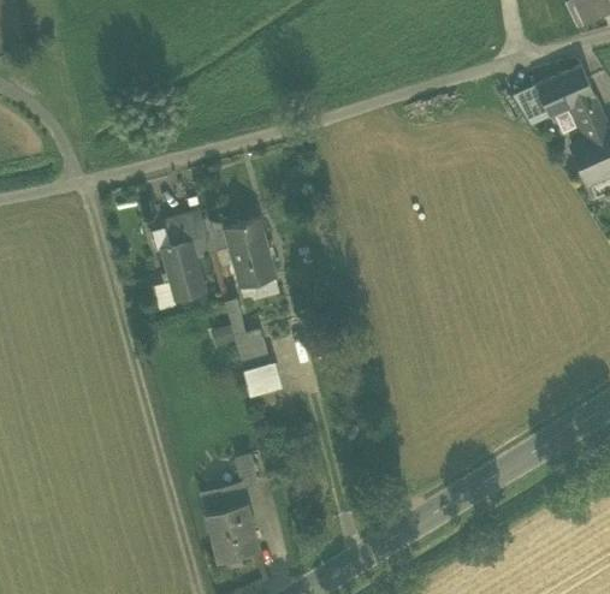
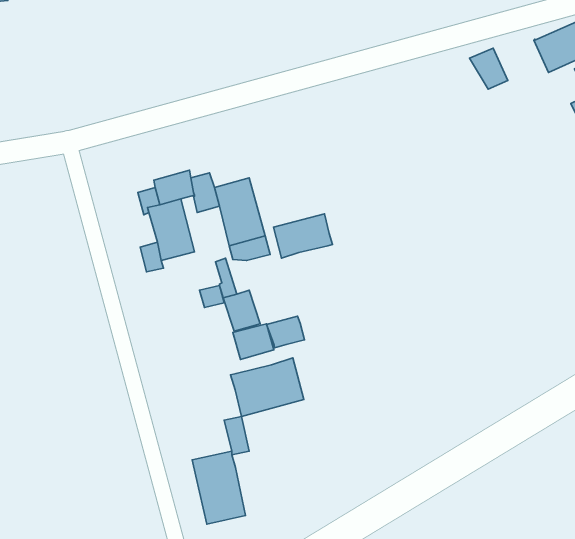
building: [513,85,550,125] -> [470,48,508,89]
building: none -> [273,214,333,258]
building: none -> [267,316,305,348]
building: none -> [230,358,304,417]

